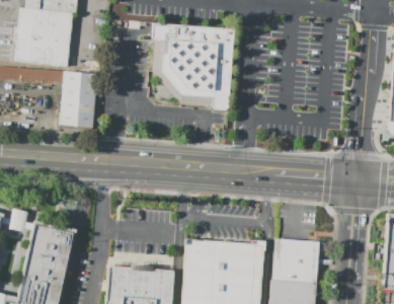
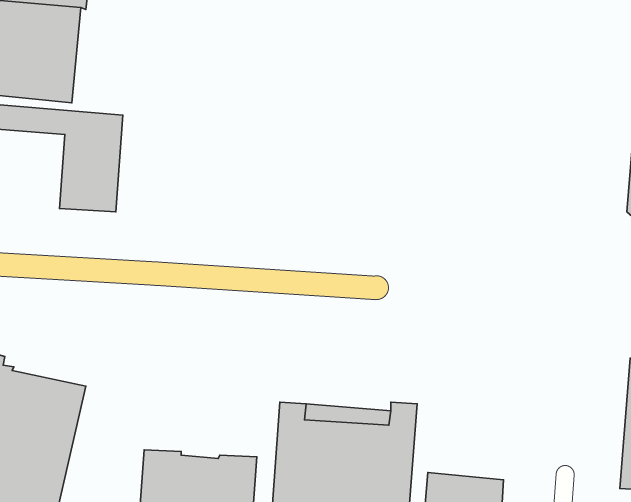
building: [152,22,233,110] -> none
building: [271,237,319,281] -> none

